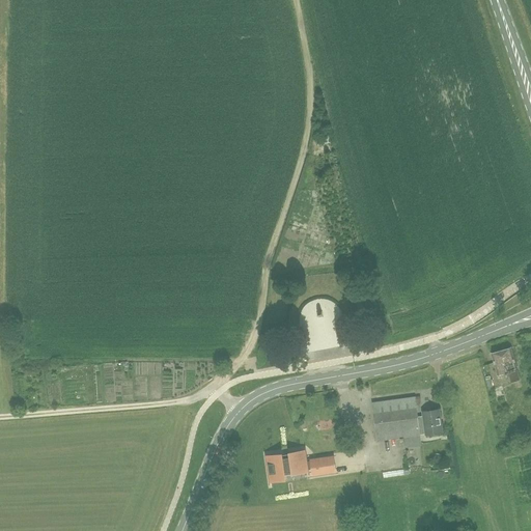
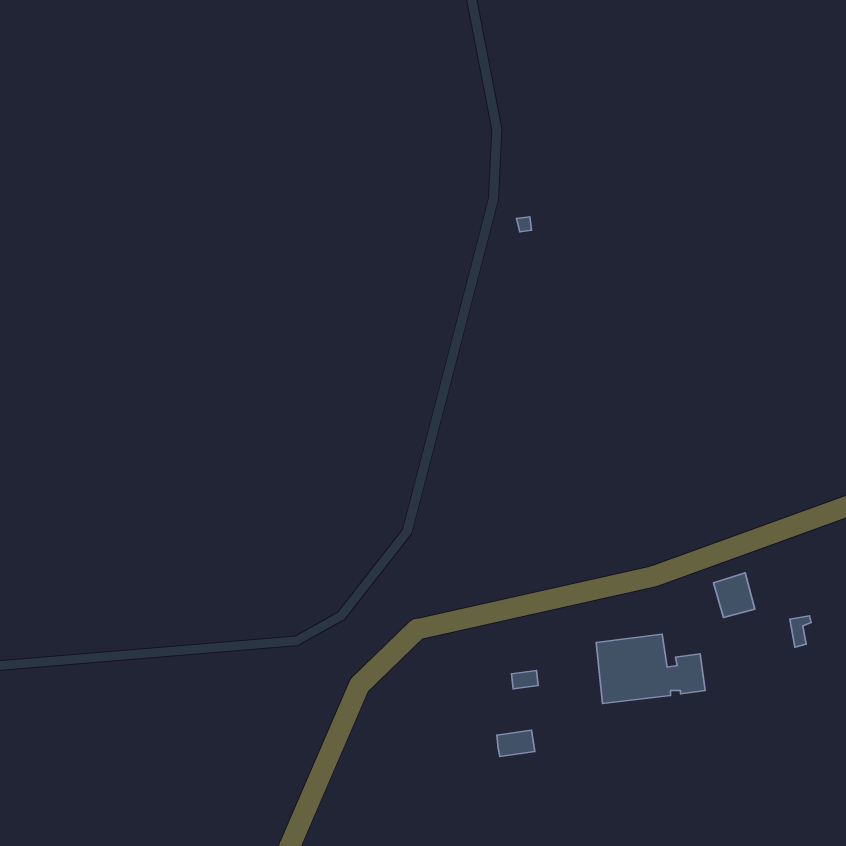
building: [492,347,518,375] -> [714,573,755,617]
building: [268,452,312,480] -> none

